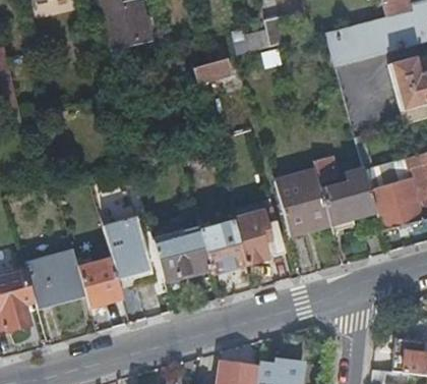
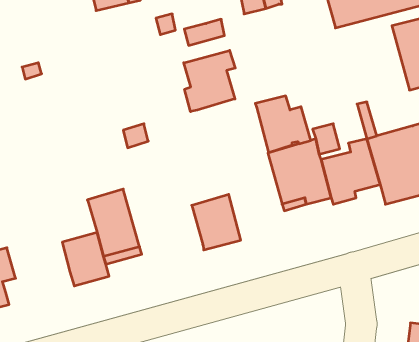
building: none -> [184,50,235,112]
building: [234,210,286,263] -> [255,96,311,152]
building: [152,225,210,280] -> none
building: [25,249,86,306] -> none

